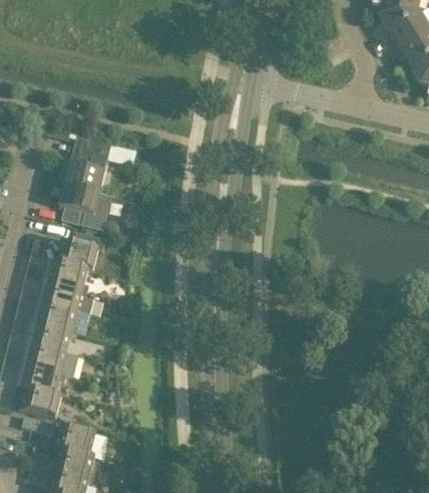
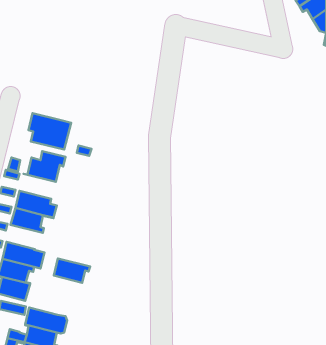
building: [63,137,111,194] -> none
building: [47,260,92,291] -> none
building: [31,323,76,353] -> [54,258,90,283]

